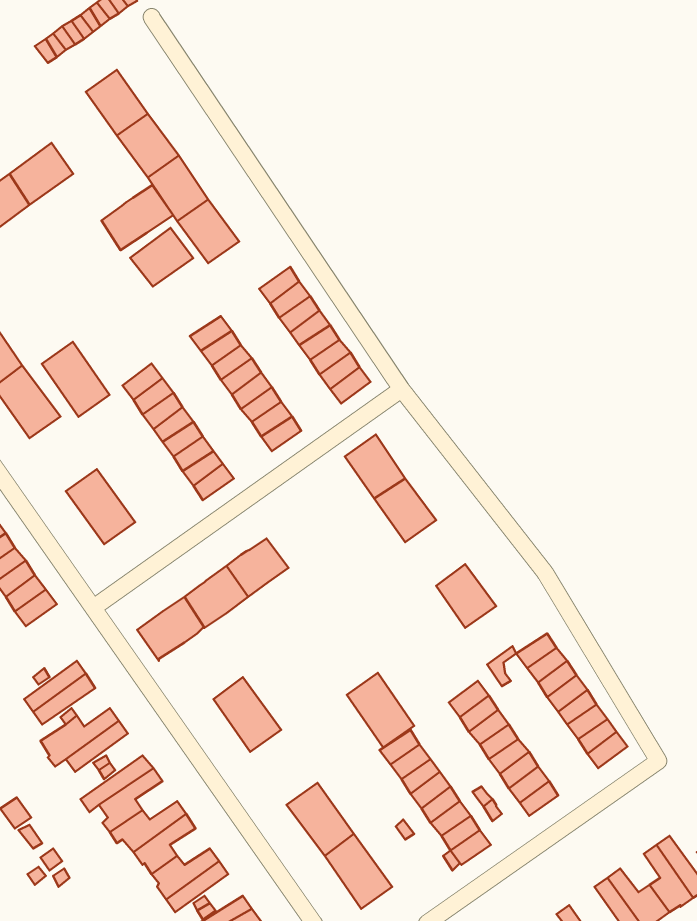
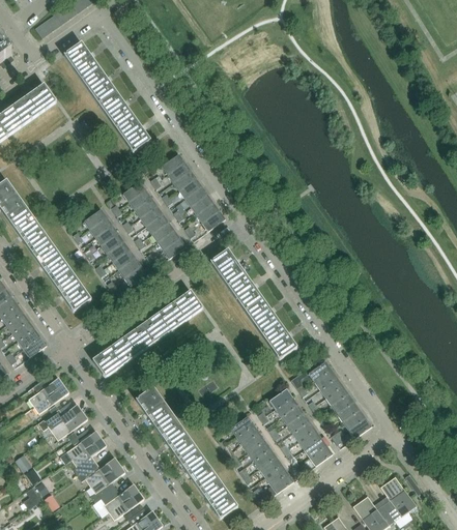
building: [102,185,173,250] -> none
building: [130,228,193,287] -> none
building: [42,342,109,417] -> [31,238,69,281]
building: none -> [166,290,202,324]
building: none -> [245,297,279,334]
building: [347,673,414,748] -> [156,416,195,459]

